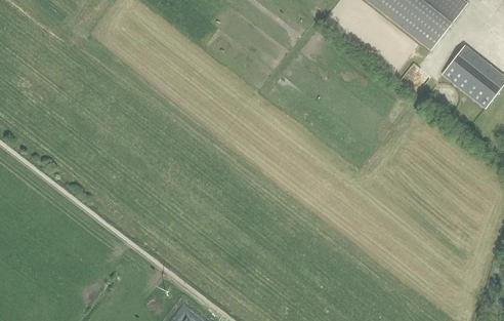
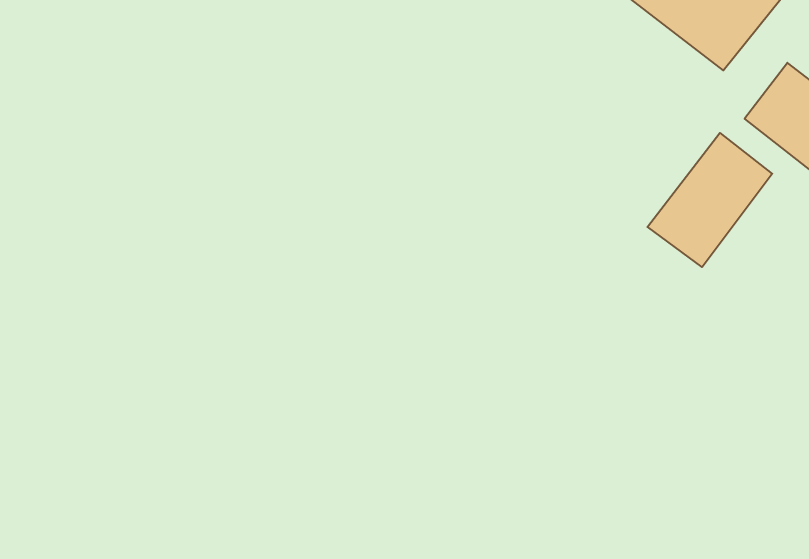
building: none -> [647,133,772,267]

